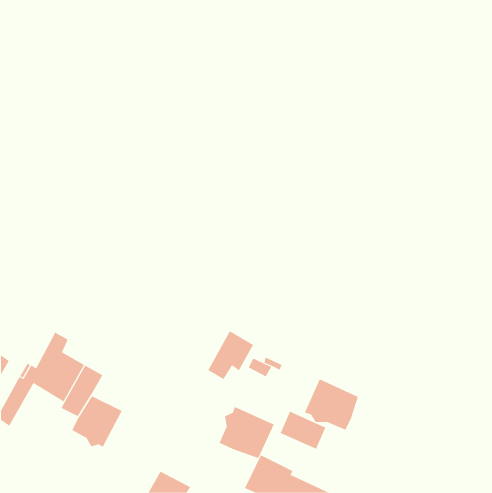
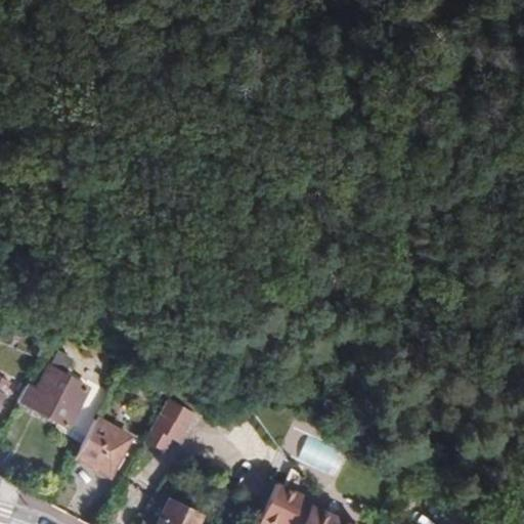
building: [207,330,254,380] -> [145,401,194,453]
building: [304,378,358,431] -> none
building: [219,406,275,459] -> none

